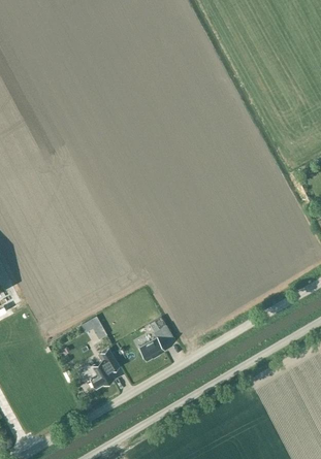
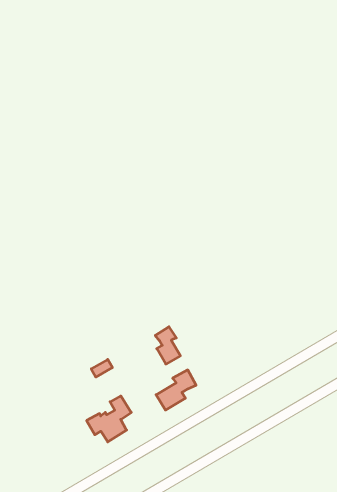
building: none -> [155,327,180,364]

